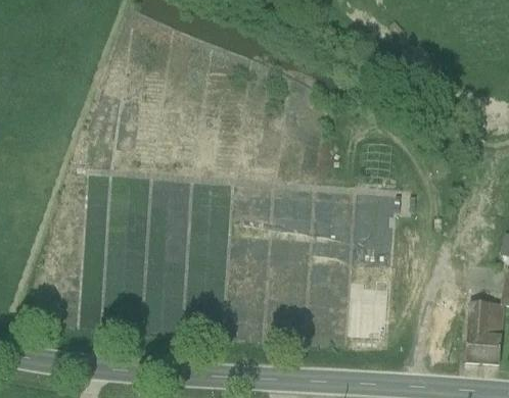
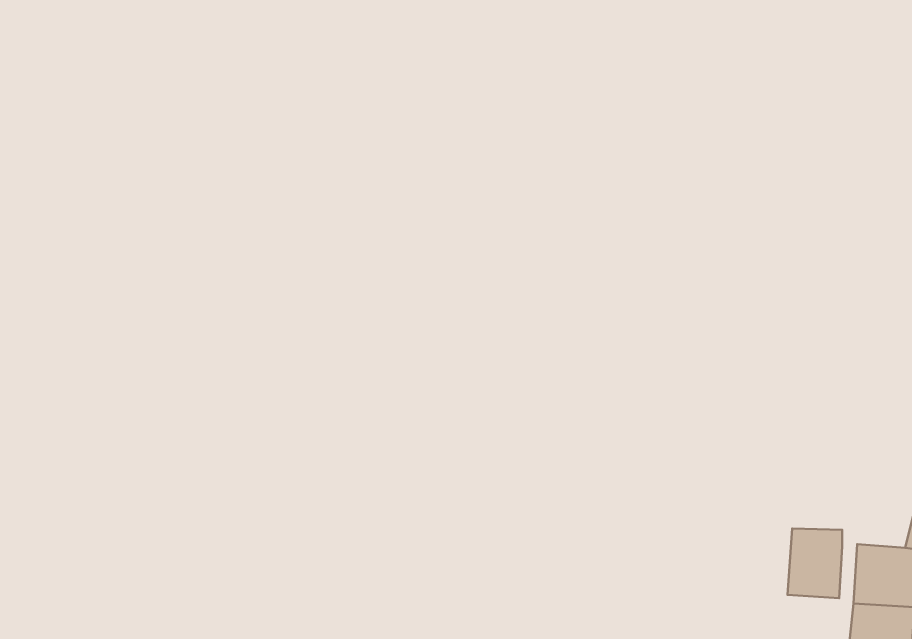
building: none -> [788,529,842,598]

